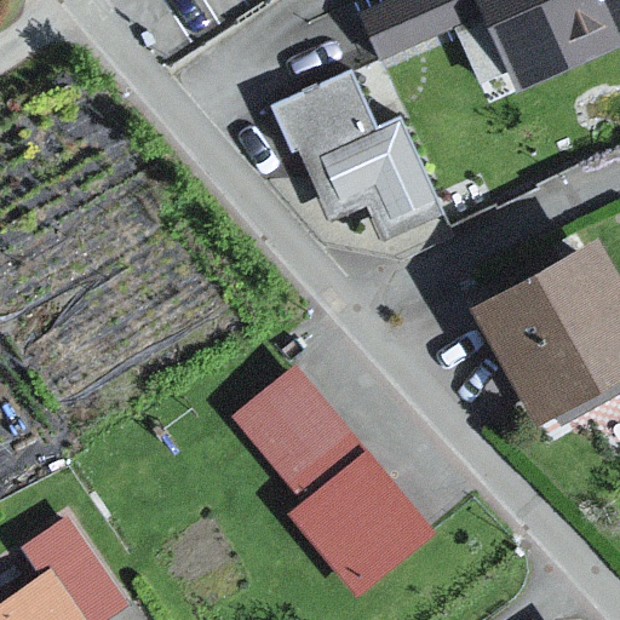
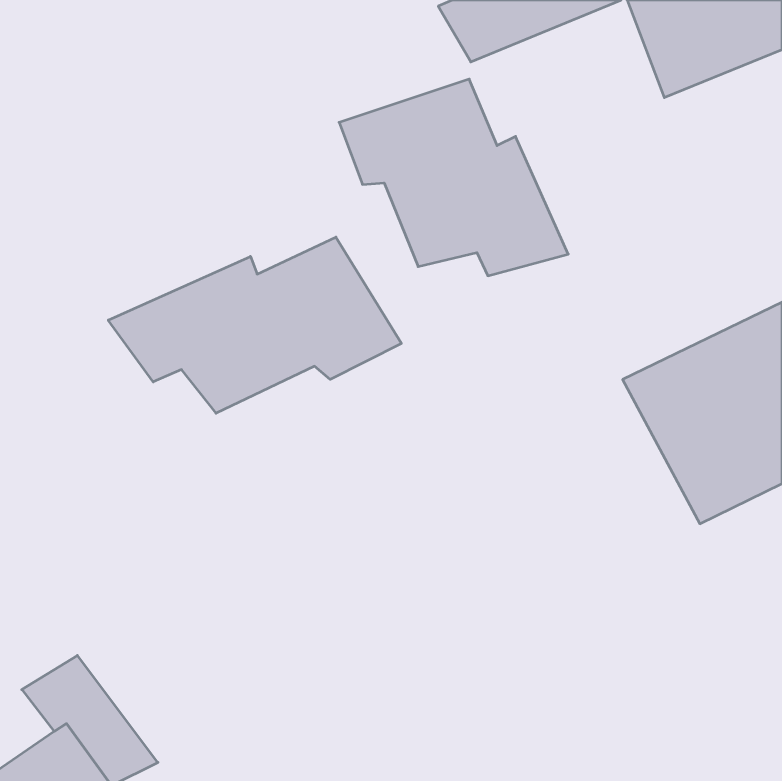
building: none -> [108,237,401,413]
building: [217,356,437,589] -> none

